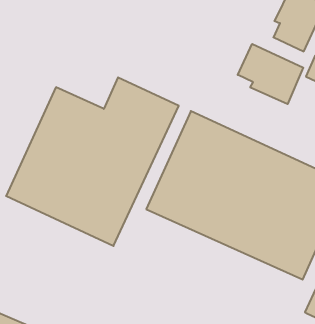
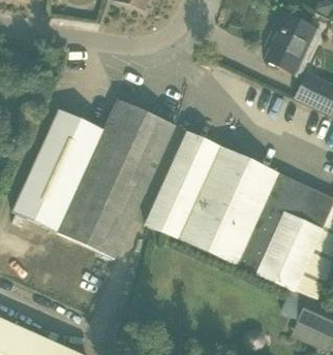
building: [238,44,303,104] -> none

